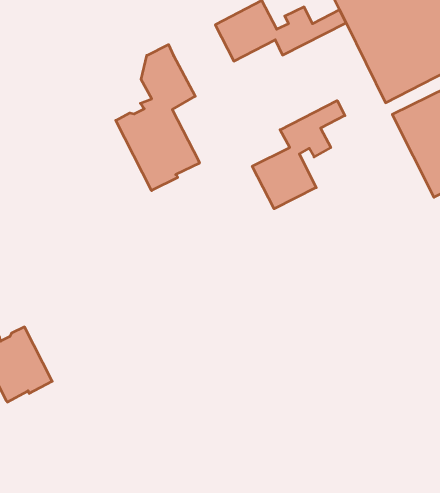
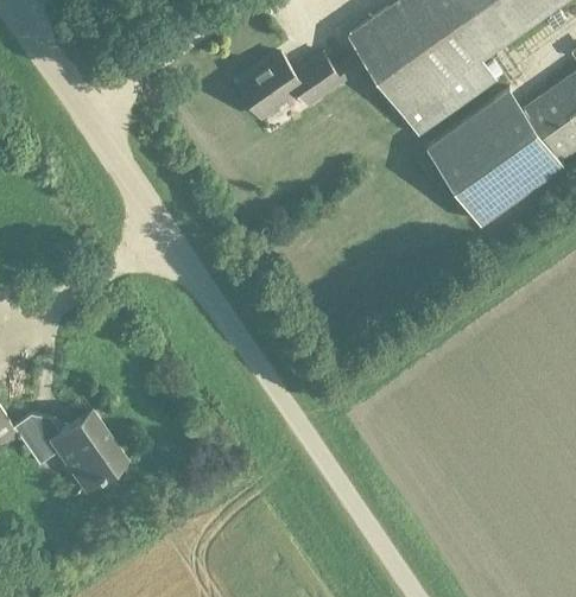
building: [116,45,199,191] -> none
building: [252,101,345,209] -> none

